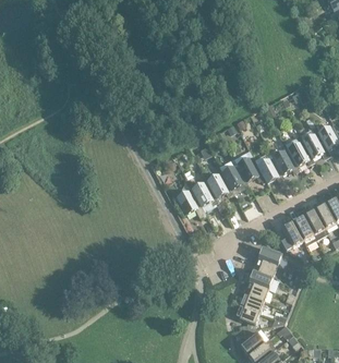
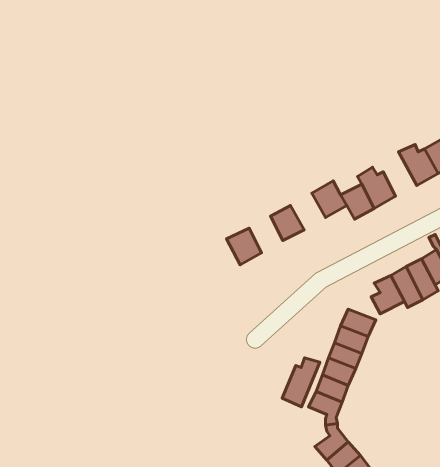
building: [284,134,312,166] -> none
building: [221,164,249,193] -> none
building: [192,180,218,210] -> none
building: none -> [282,358,320,407]

